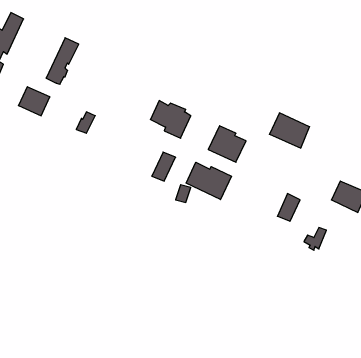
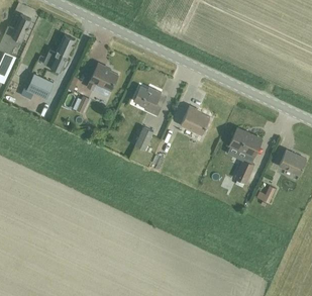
building: none -> [86,64,117,91]
building: [269,113,310,148] -> [228,128,261,157]
building: [186,162,231,200] -> none

